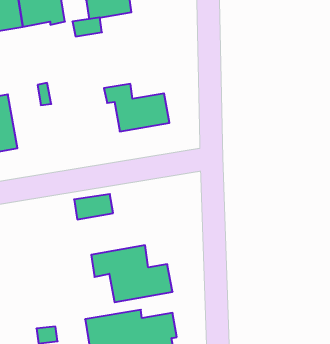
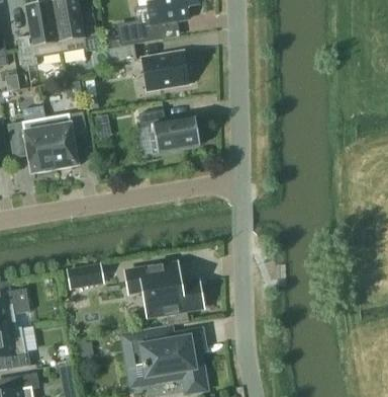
building: none -> [141,51,191,90]
building: none -> [45,113,78,169]
building: [74,194,113,219] -> [67,264,104,289]

